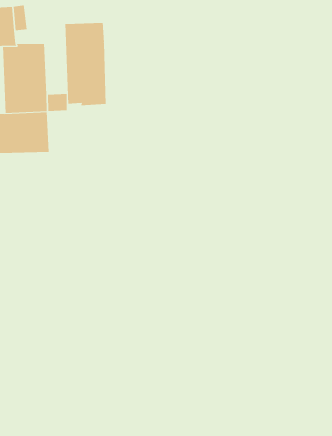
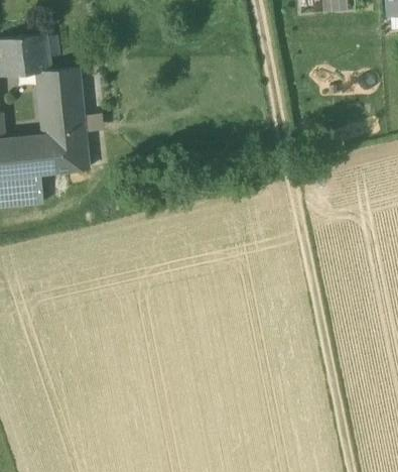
building: [65,22,106,106] -> none

